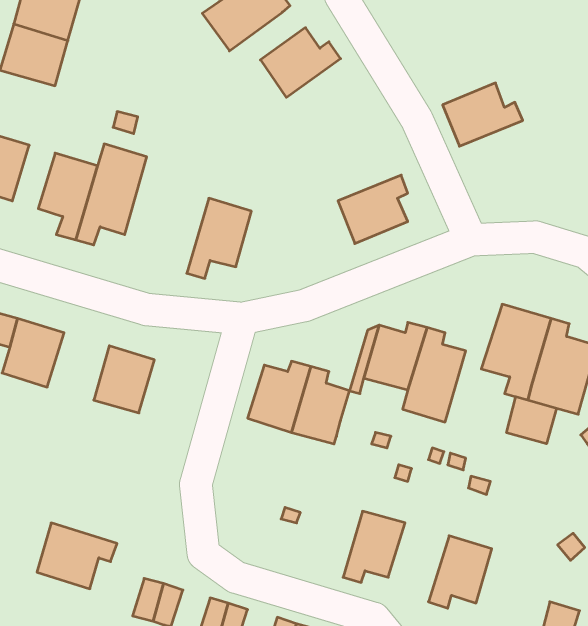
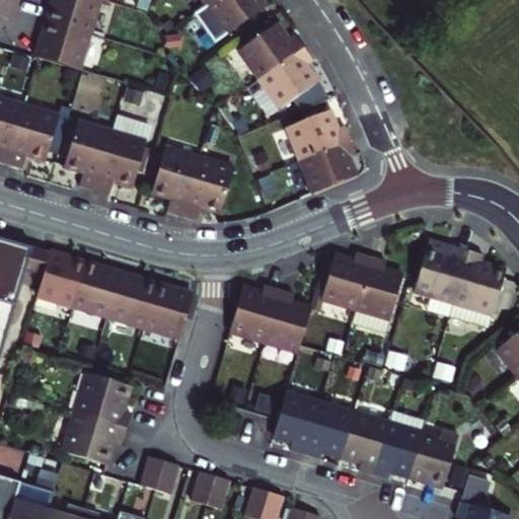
building: none -> [260,48,327,109]
building: [443,83,523,146] -> [287,109,350,159]
building: none -> [152,147,199,216]
building: none -> [72,263,121,315]
building: none -> [144,284,192,337]
building: [507,397,556,444] -> none
building: none -> [75,373,131,428]
building: none -> [273,392,319,454]
building: none -> [340,412,387,473]
building: none -> [409,430,457,485]

